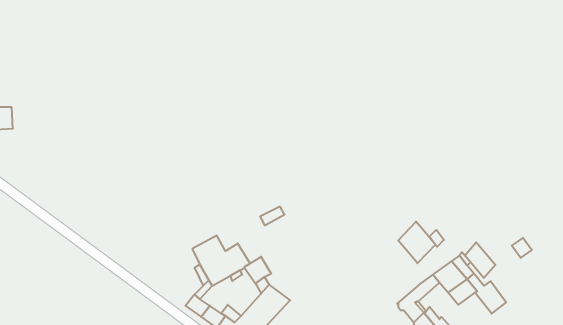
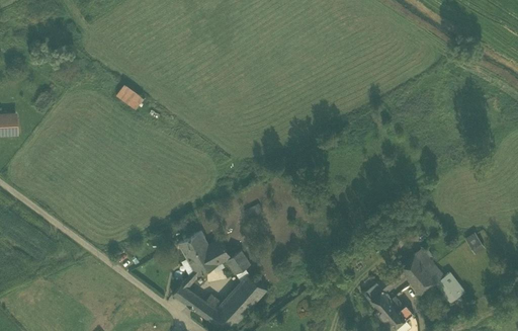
building: none -> [115,84,144,110]
building: [398,221,435,263] -> none
building: [465,242,495,278] -> none

